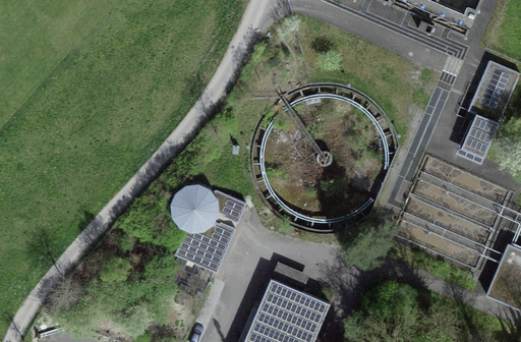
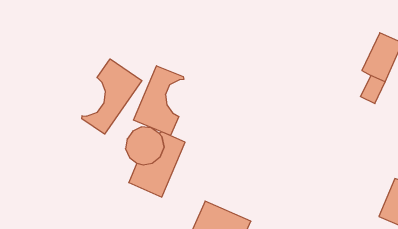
building: none -> [82,59,142,134]
building: none -> [134,66,184,136]

